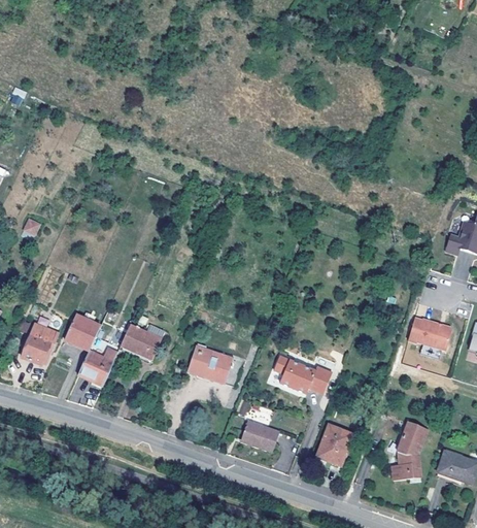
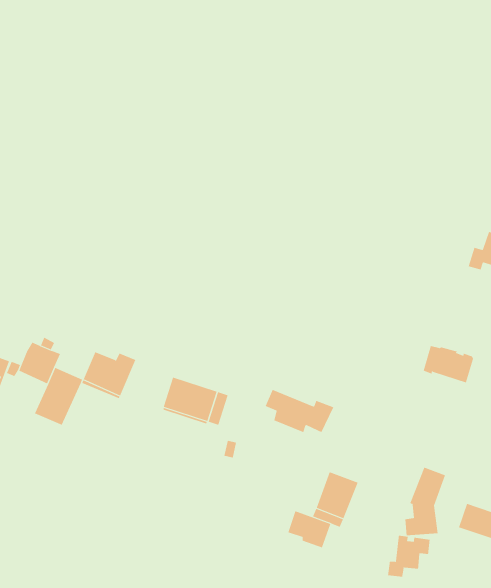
building: [243,420,280,452] -> [287,511,331,548]
building: none -> [387,535,430,578]

